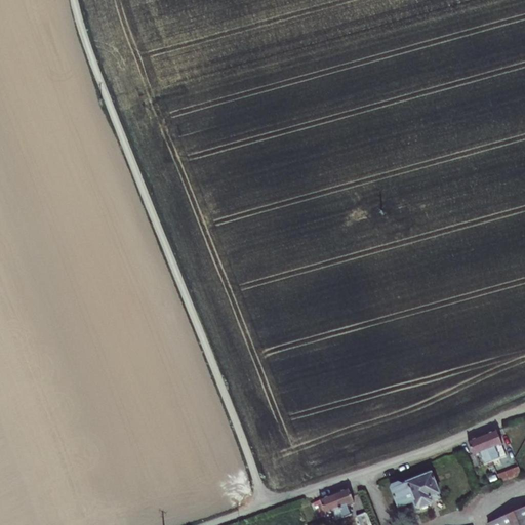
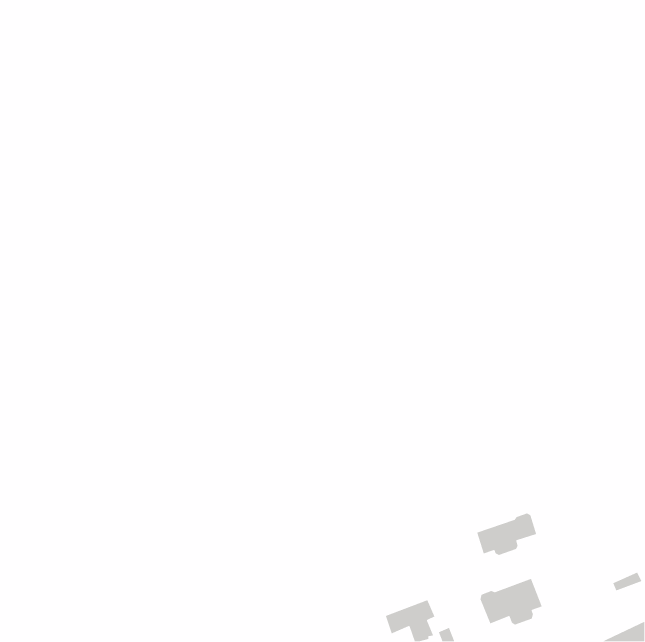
building: none -> [476,513,537,556]
building: [468,429,506,466] -> none

